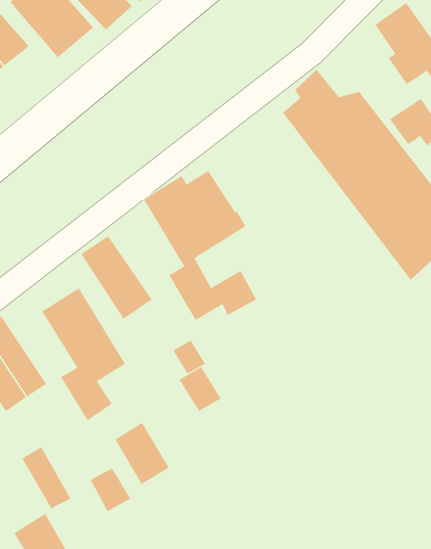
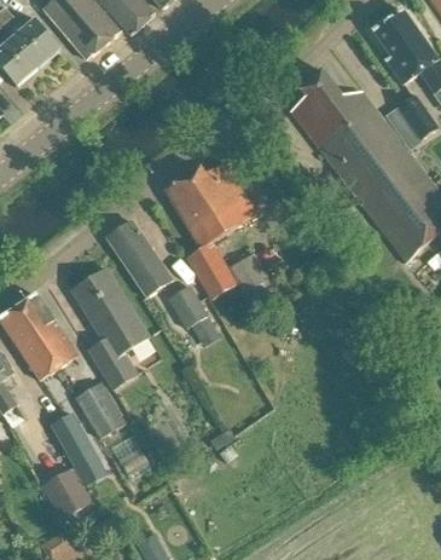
building: [179,366,221,412] -> [168,285,207,327]
building: [115,422,169,485] -> [75,381,124,438]

